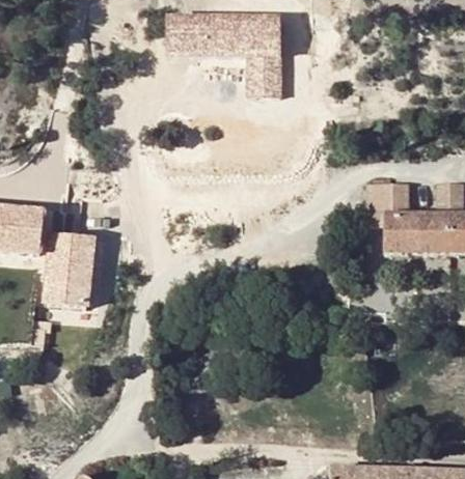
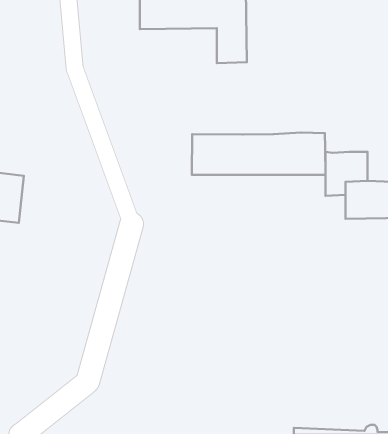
building: none -> [192,132,326,175]
building: [45,229,100,307] -> none

